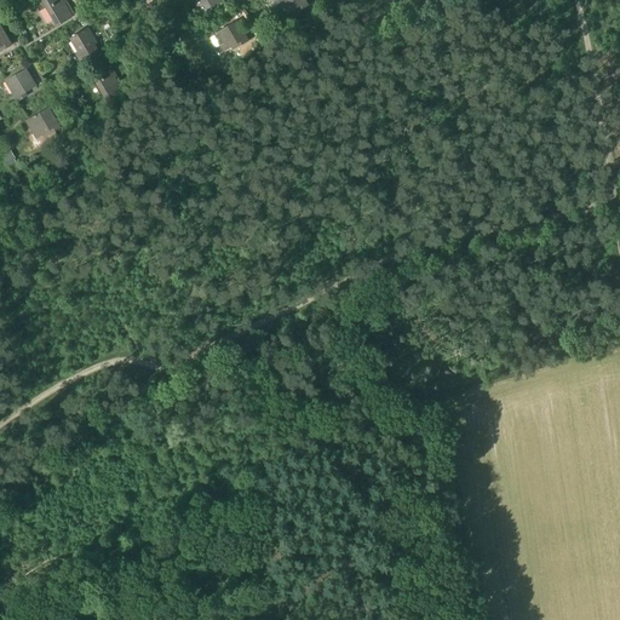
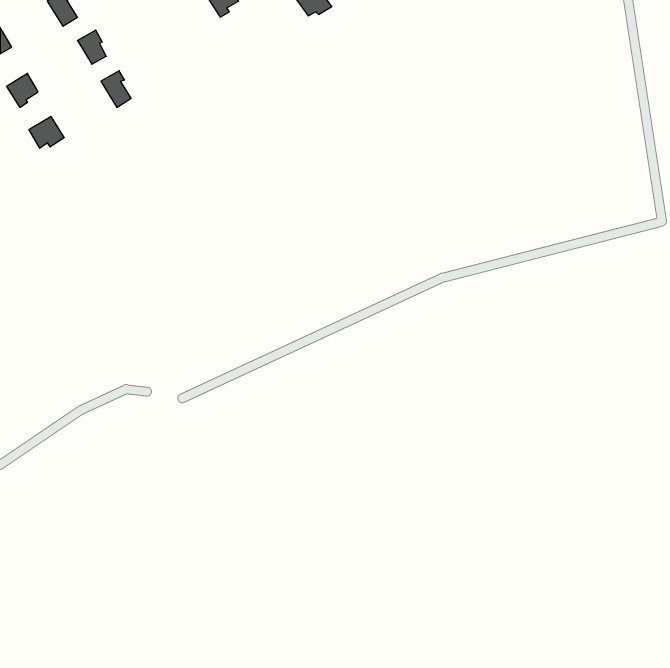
building: [209,21,247,50] -> none

